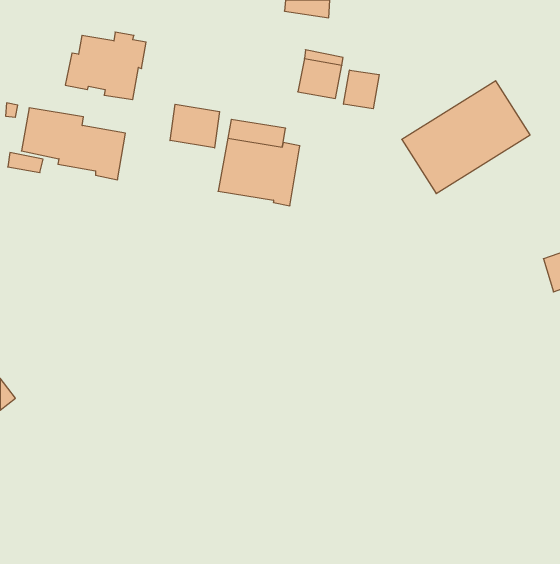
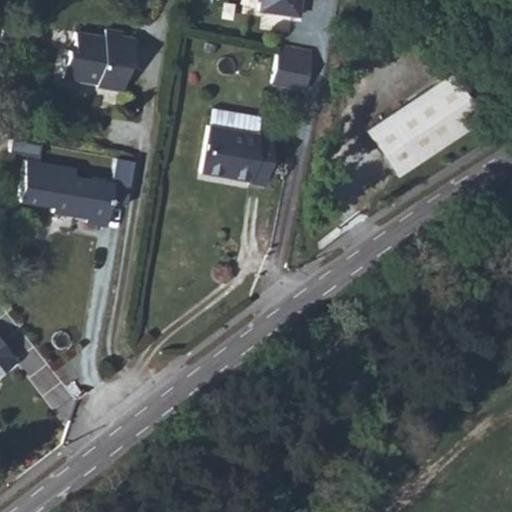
building: [344,70,379,109] -> none
building: [170,104,220,148] -> none
building: [21,108,125,180] -> [21,161,115,226]

